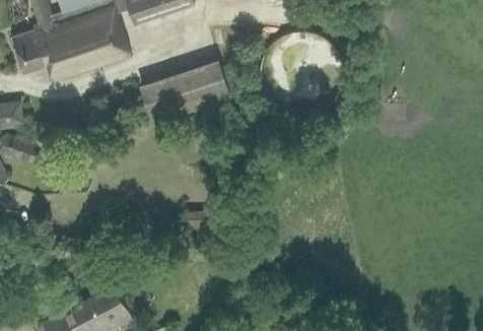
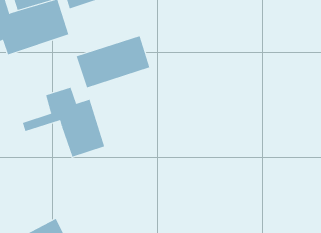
building: none -> [22,87,105,157]

